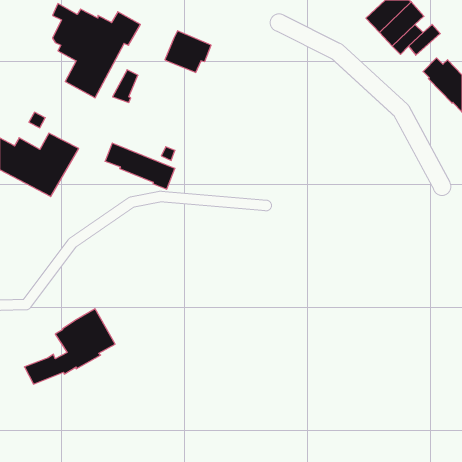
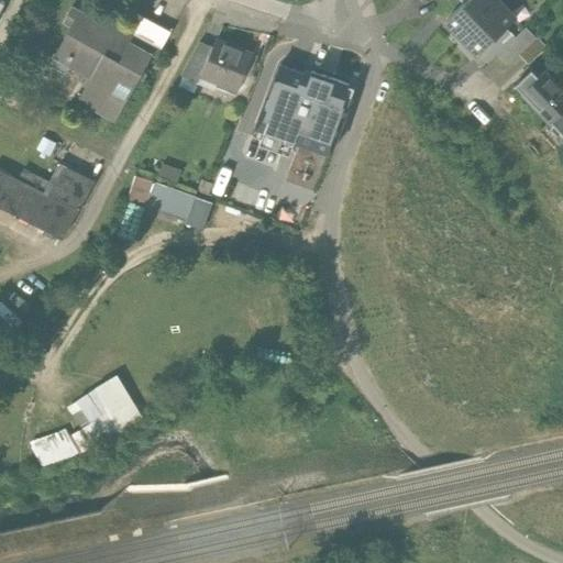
building: none -> [255,66,354,155]
building: [113,70,138,102] -> [180,41,211,80]

